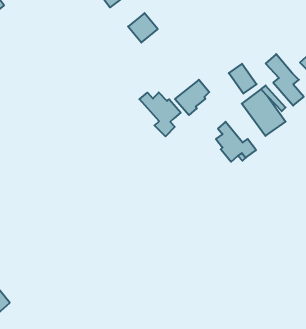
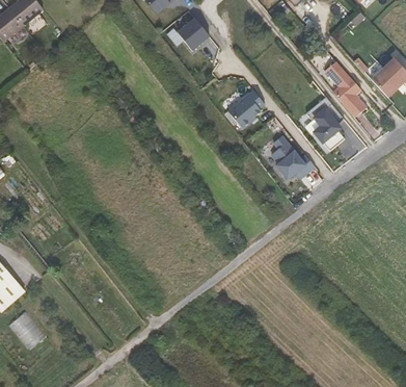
building: [229,64,257,94] -> none
building: [139,92,181,136] -> none

